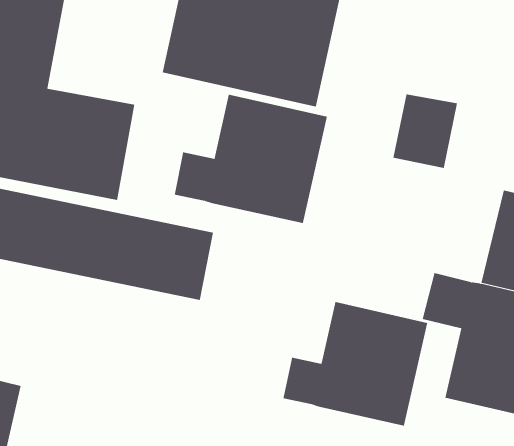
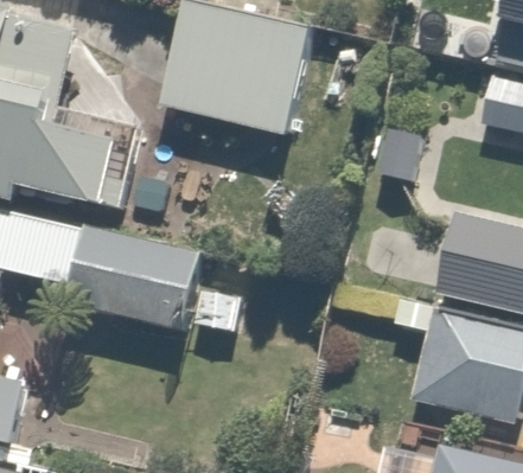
building: [174,94,327,224] -> none
building: [283,301,428,426] -> none

